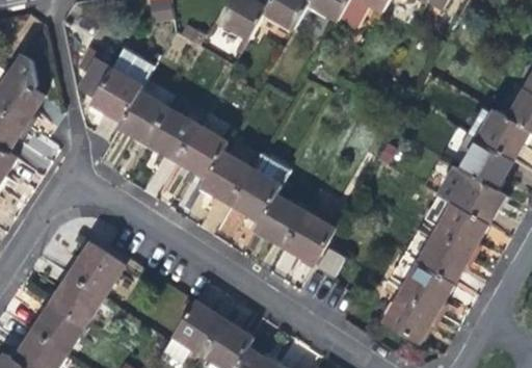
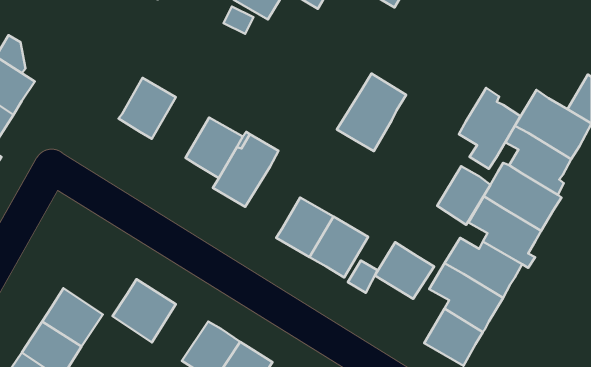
building: [78,53,152,122] -> none
building: none -> [459,88,521,169]
building: [148,107,197,160] -> none
building: [229,154,289,221] -> [337,73,406,151]
building: none -> [437,166,490,225]
building: none -> [375,242,434,299]
building: [71,241,126,296] -> [112,279,176,342]

